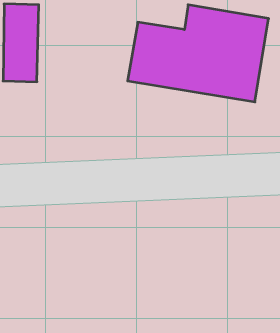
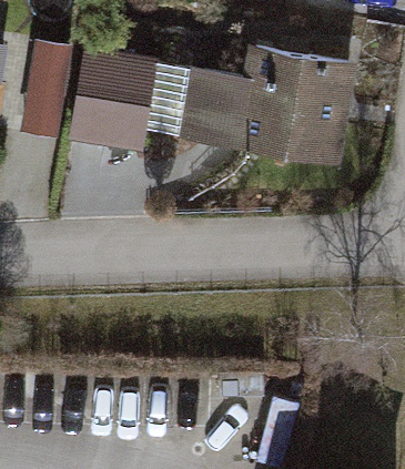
building: none -> [72,47,152,146]

